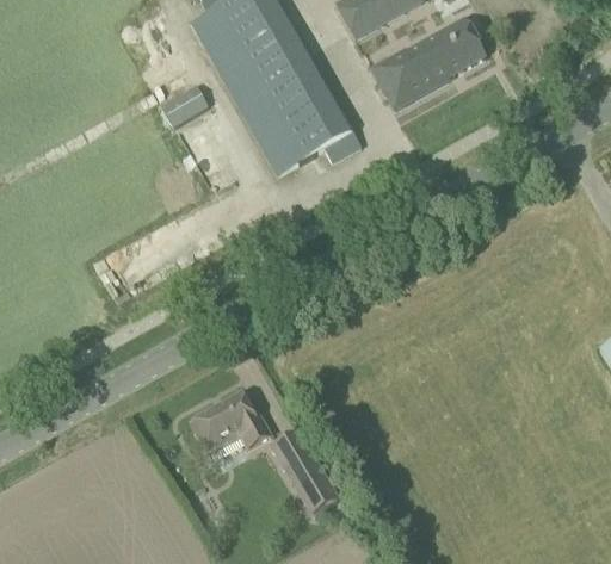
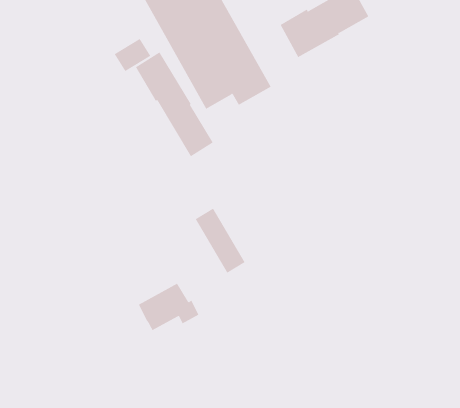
building: none -> [135,51,214,157]
building: [271,430,335,514] -> [195,208,246,273]

